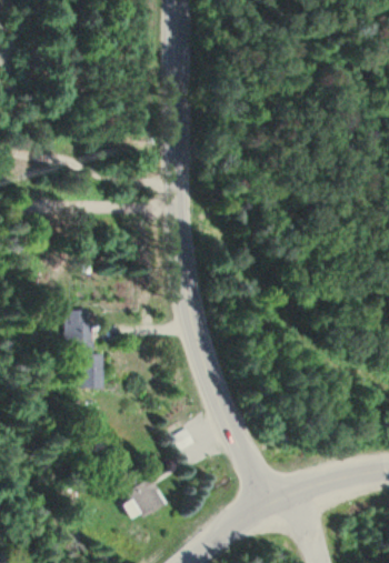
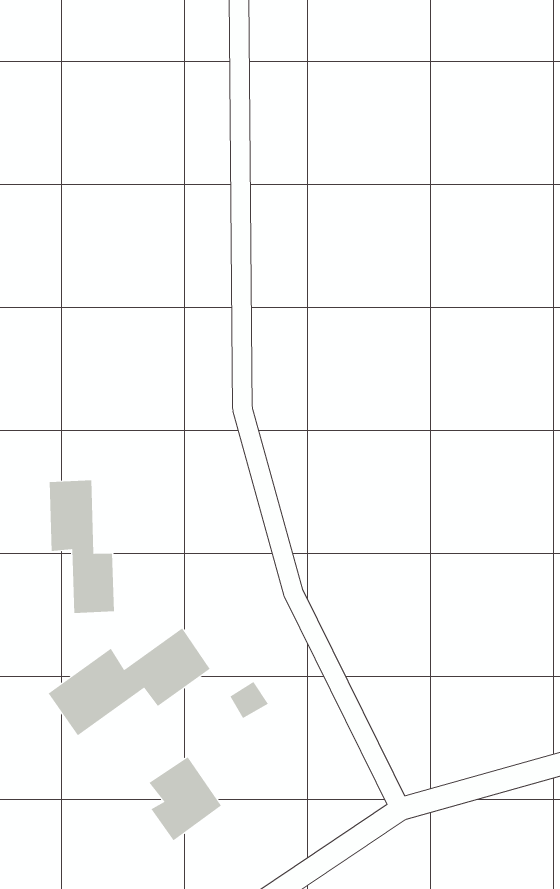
building: none -> [48,628,211,736]

